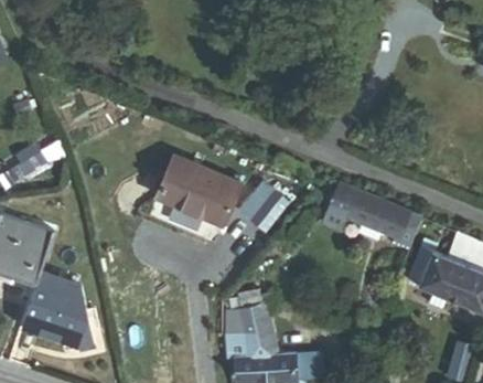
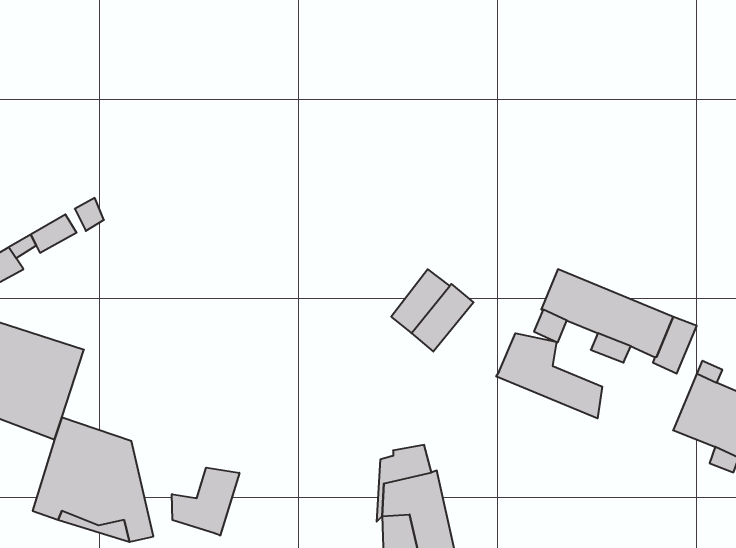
building: [157,157,239,225] -> none
building: none -> [496,333,602,418]
building: none -> [172,468,239,536]

